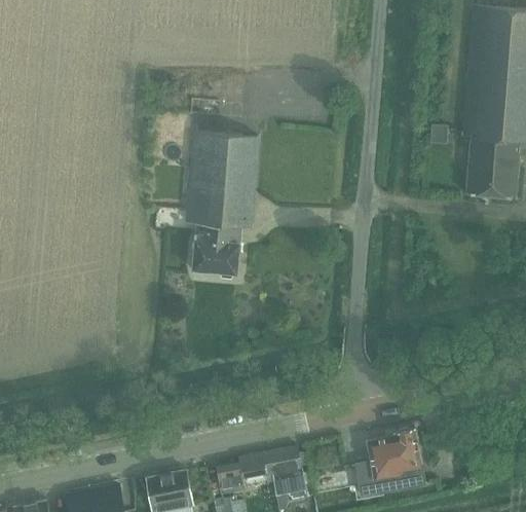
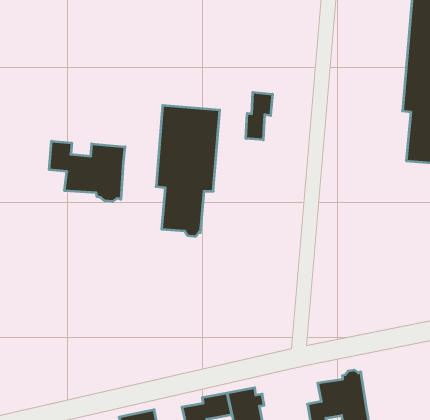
building: none -> [246,92,272,140]
building: none -> [49,141,125,202]

